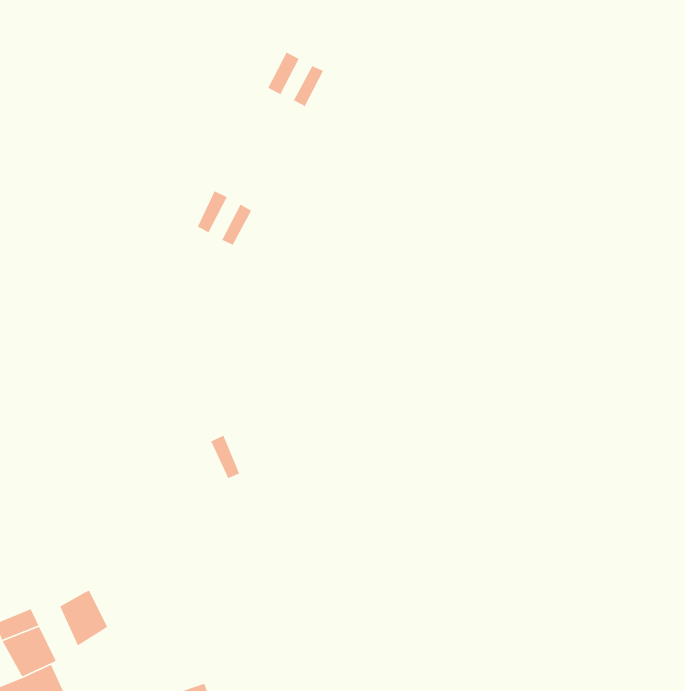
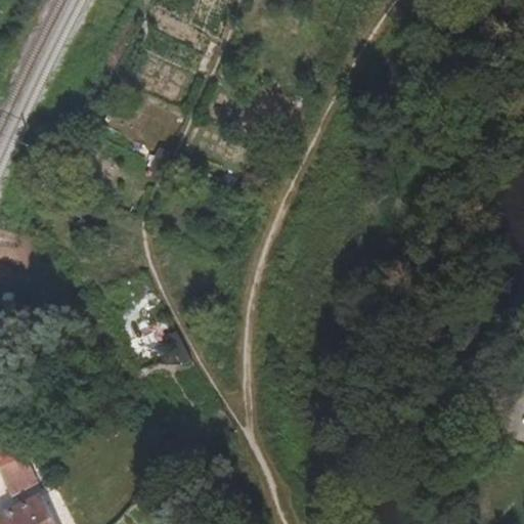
building: [59,590,108,647] -> none

